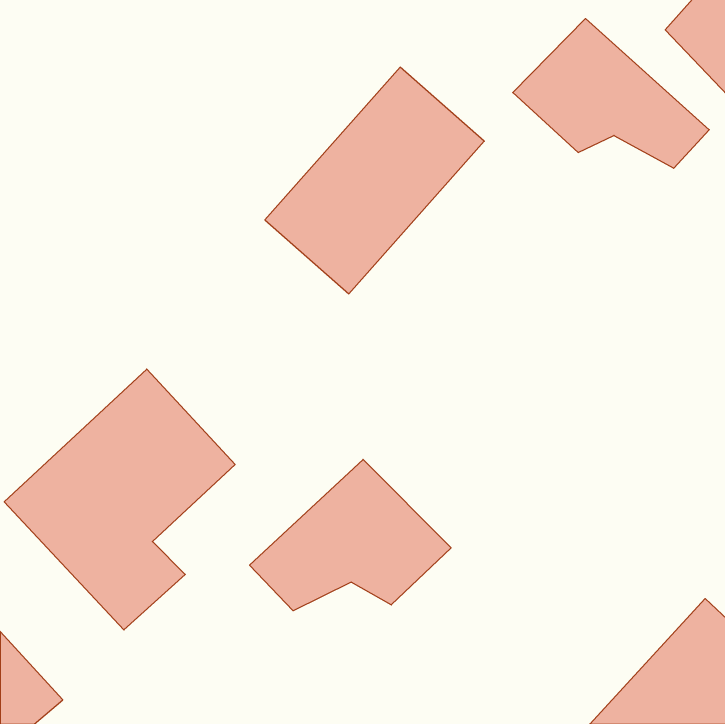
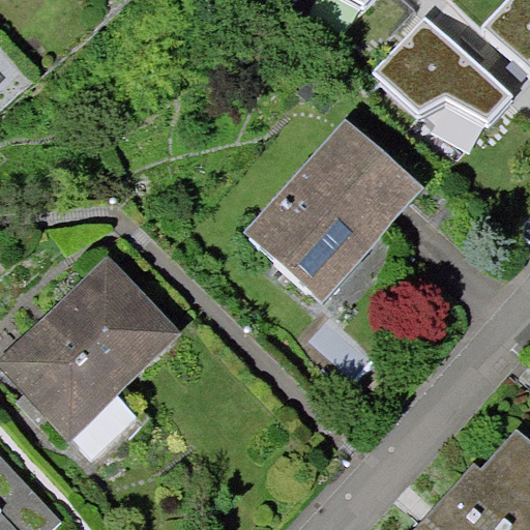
building: [265,67,484,294] -> [252,131,411,296]
building: [250,459,451,611] -> none

